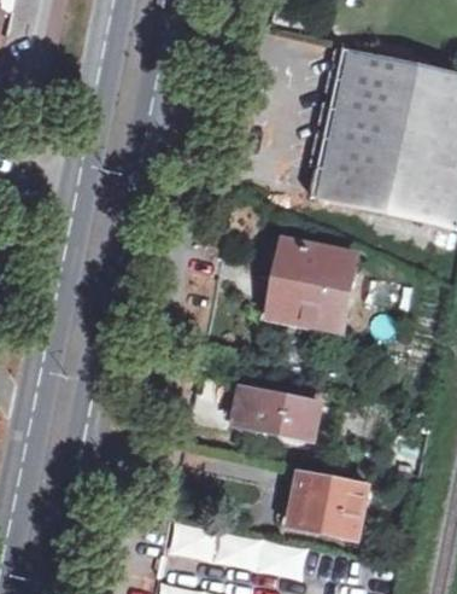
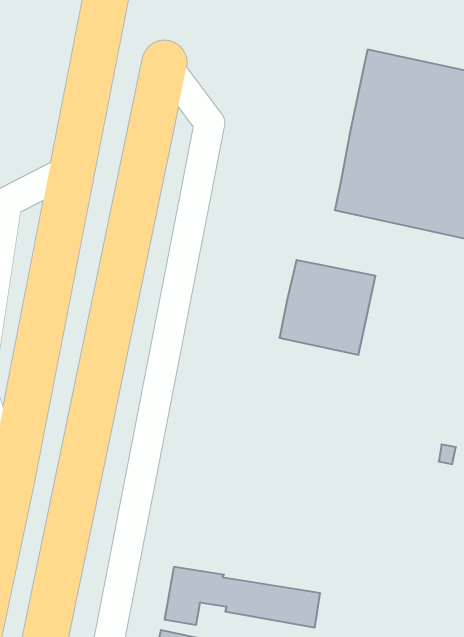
building: [227,385,317,438] -> none
building: [285,473,364,535] -> none

